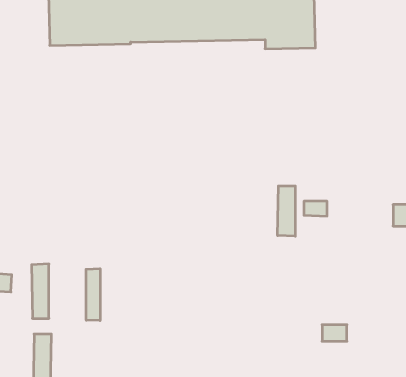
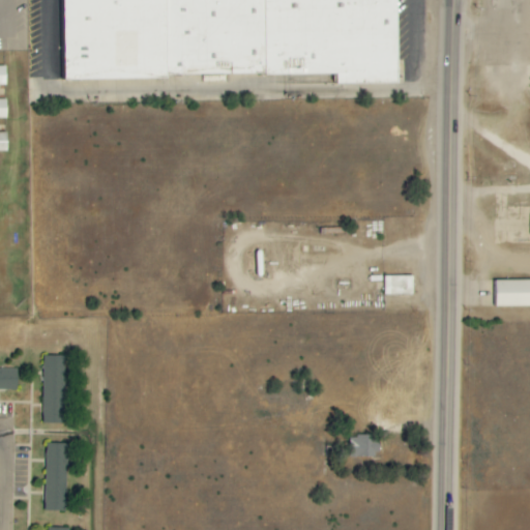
building: [278,186,295,236] -> none
building: [86,269,100,321] -> none
building: [322,325,347,341] -> [349,435,380,455]

